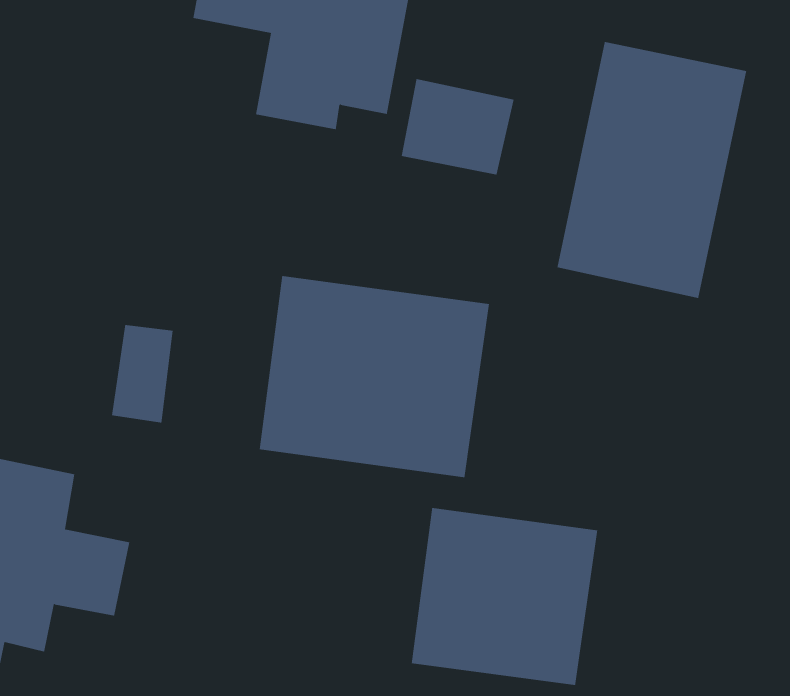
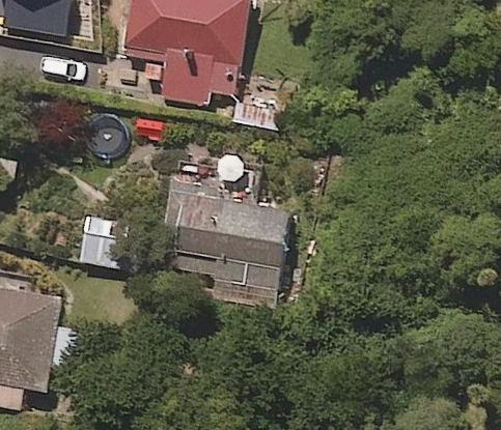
building: [557,41,747,299] -> none
building: [411,507,598,686] -> none

